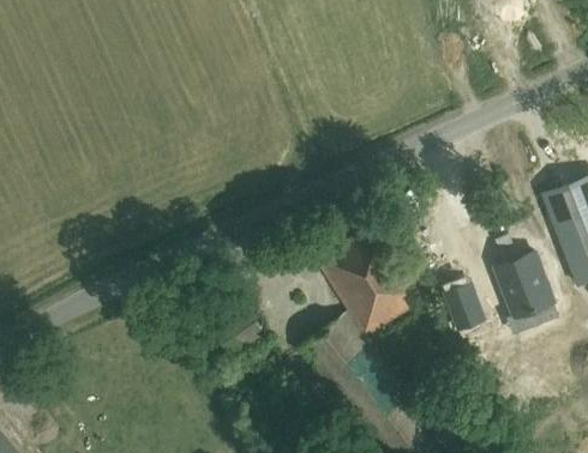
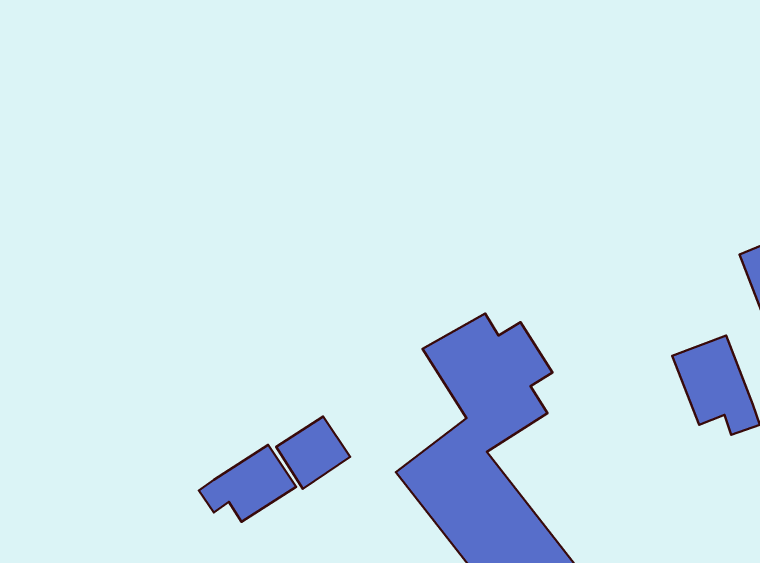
building: [444,282,485,328] -> none
building: none -> [199,445,296,522]

